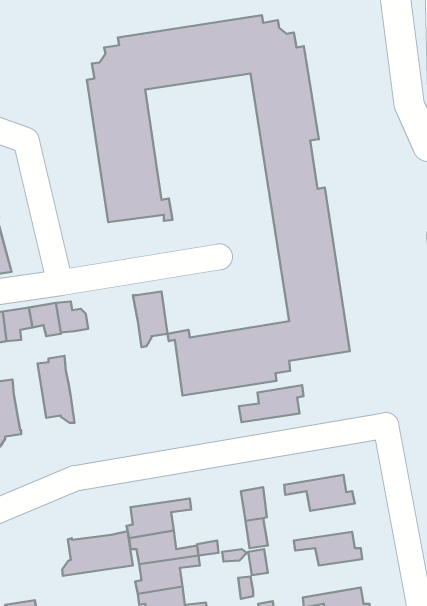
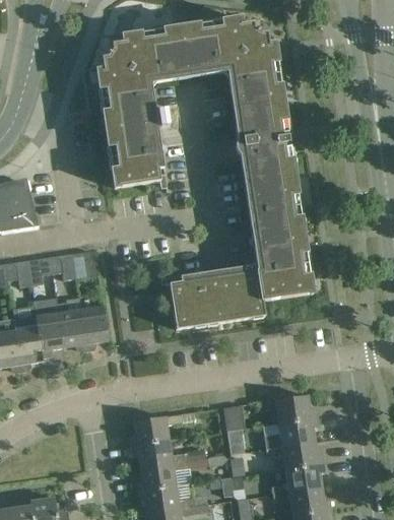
building: [133,292,168,347] -> [79,306,108,351]
building: none -> [34,302,63,358]
building: [239,385,303,422] -> [264,417,317,448]
building: [62,531,133,576] -> none
building: none -> [272,463,324,495]

